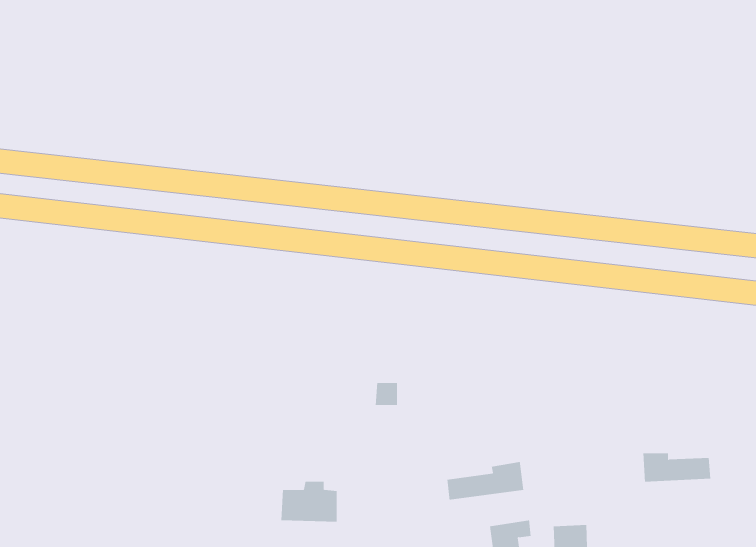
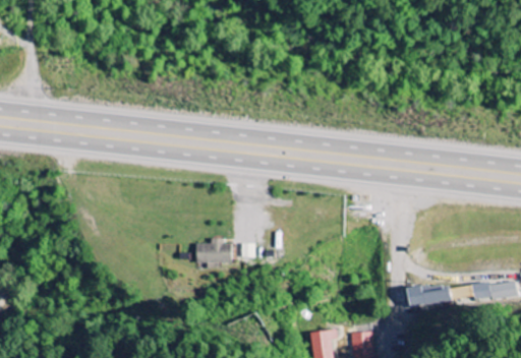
building: [447,461,524,501] -> none
building: [280,481,338,522] -> [196,238,232,263]

